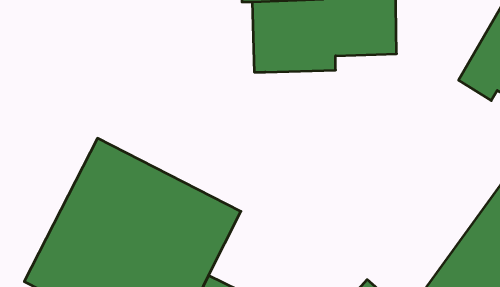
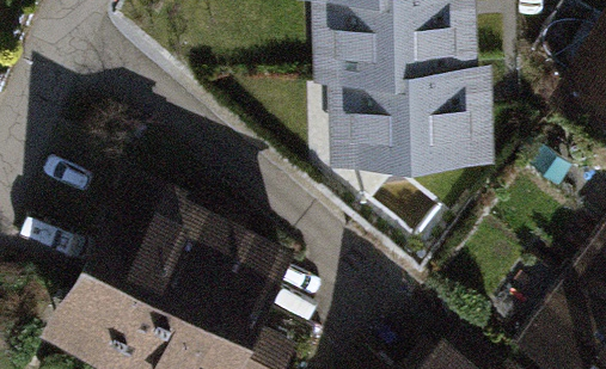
building: none -> [329,69,498,173]

